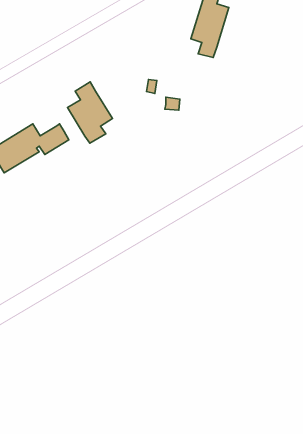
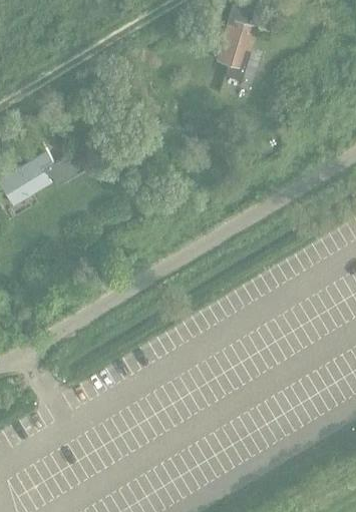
building: [68,82,113,143] -> none

